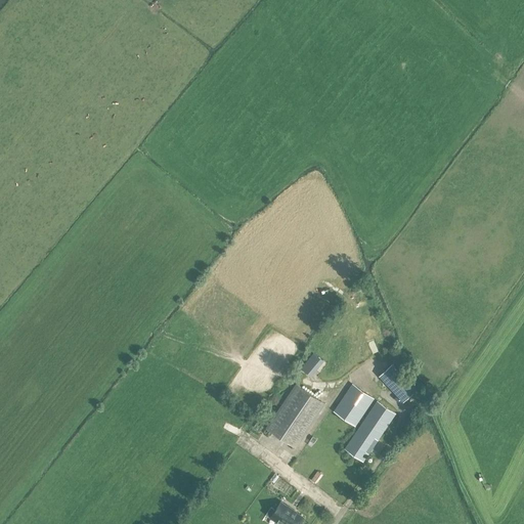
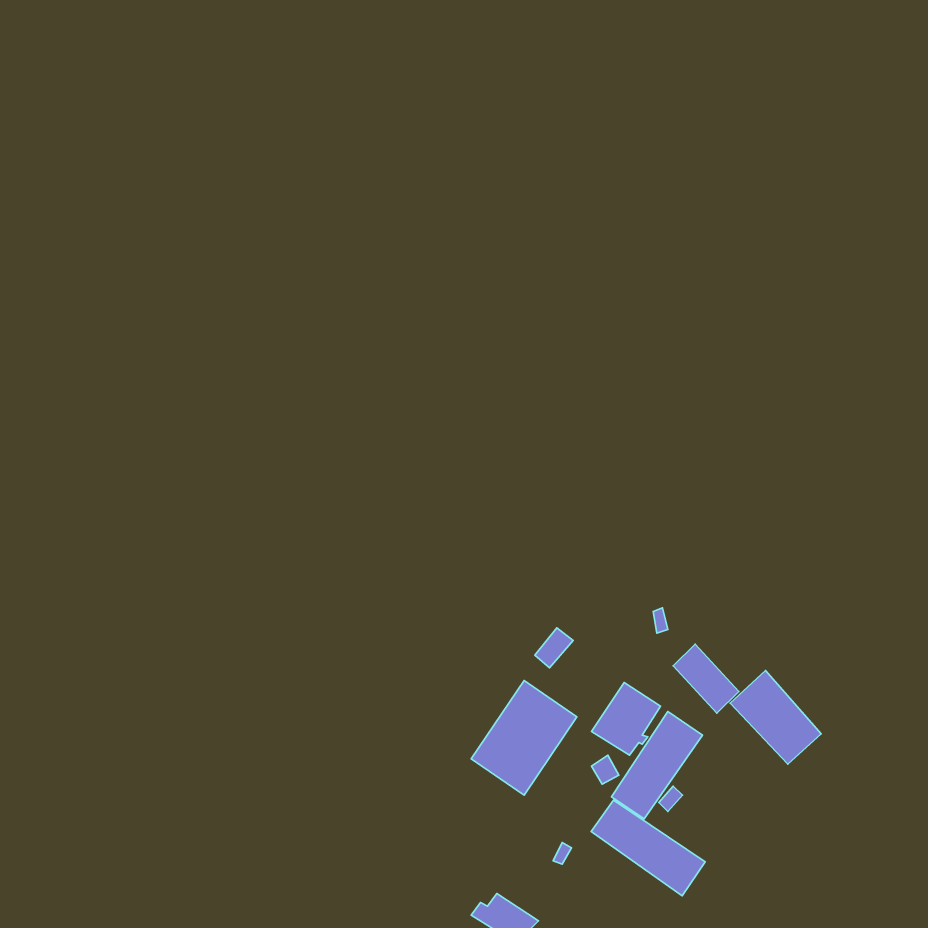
building: none -> [730,670,821,764]
building: none -> [591,800,705,896]

